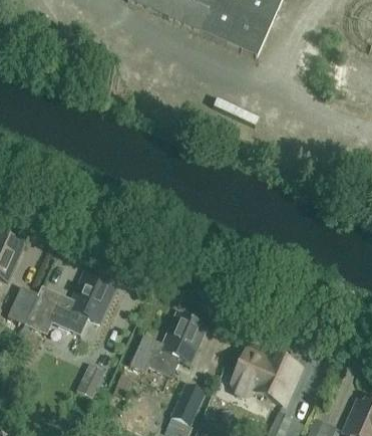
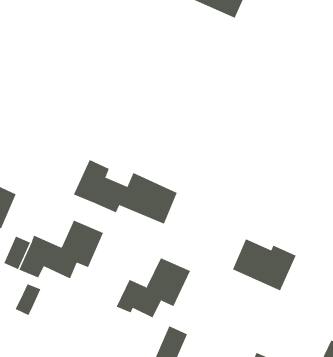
building: none -> [73,159,178,225]
building: [232,347,300,403] -> [232,238,296,291]
building: [76,363,104,397] -> [15,284,41,316]

